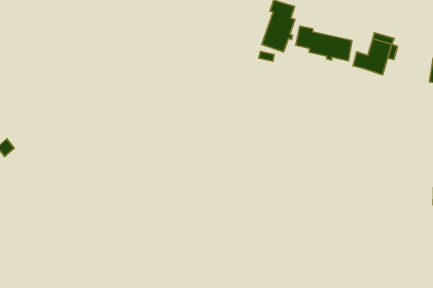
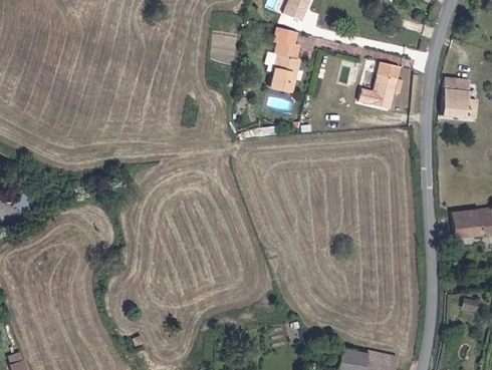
building: [296,26,352,61] -> none

